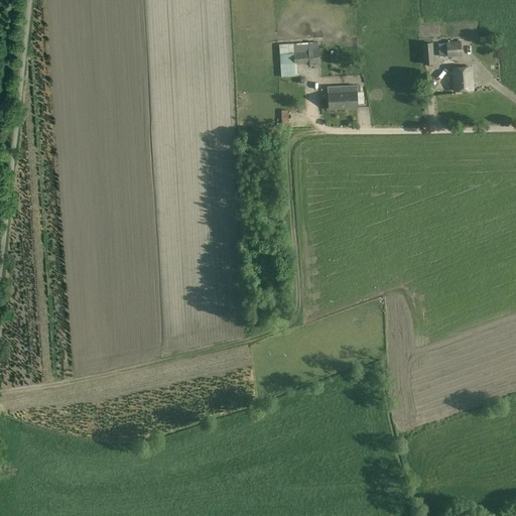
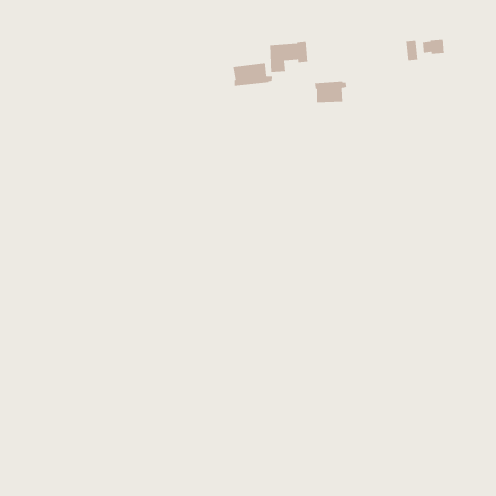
building: none -> [232,62,273,86]
building: [452,67,472,90] -> none

